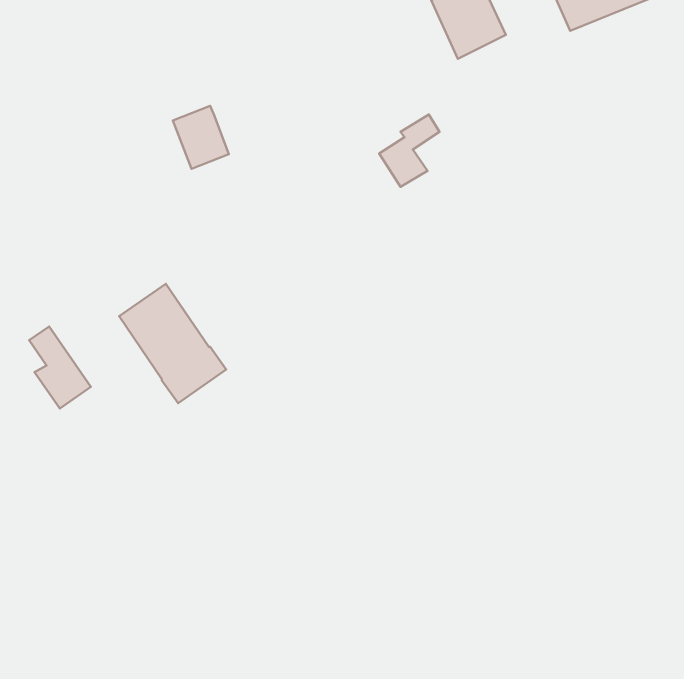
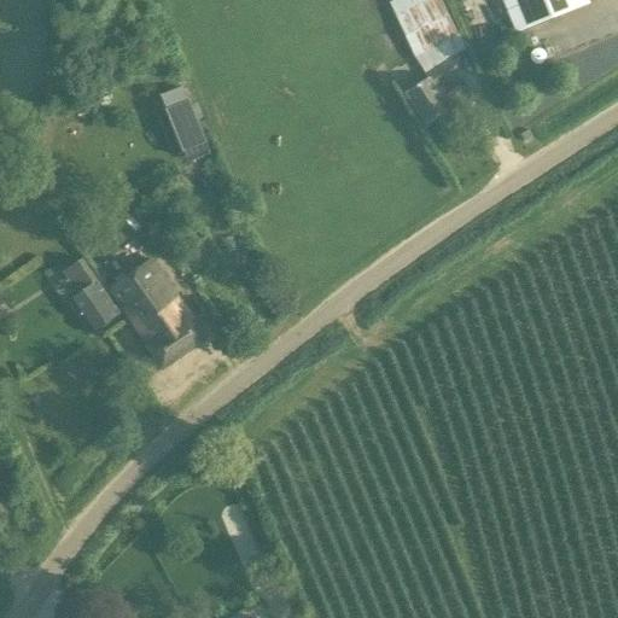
building: [379,115,439,187] -> [404,54,459,119]
building: [29,327,91,408] -> [62,256,117,330]

